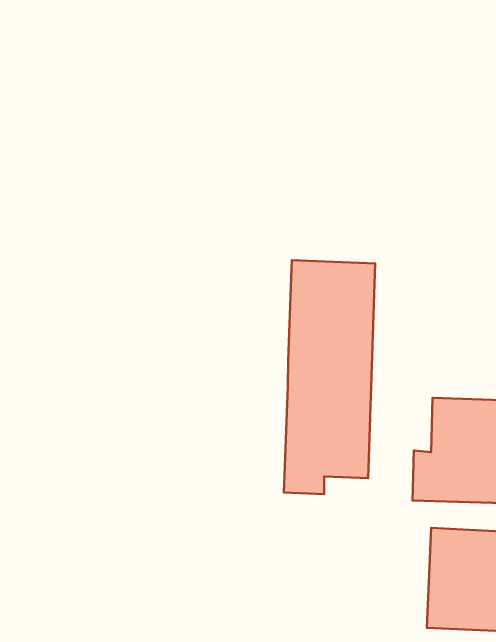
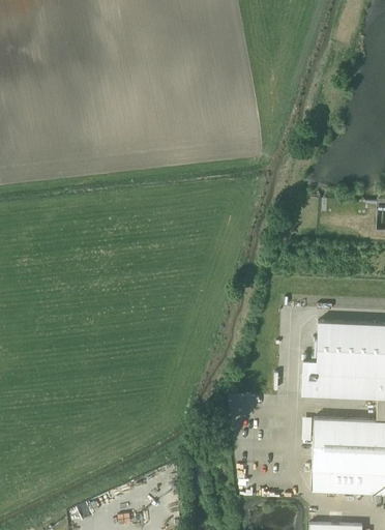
building: [284,260,375,494] -> none

